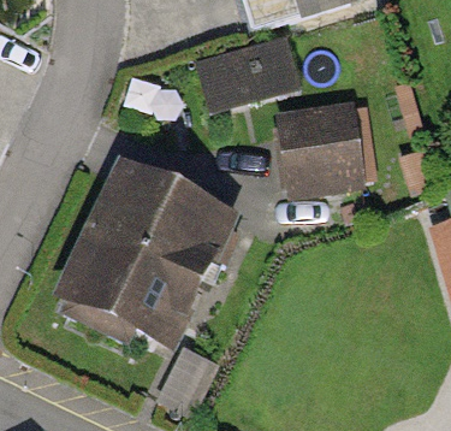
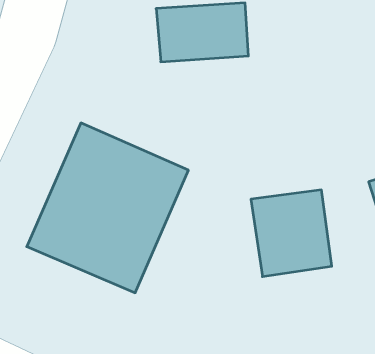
building: [280,104,364,194] -> [251,190,332,277]

